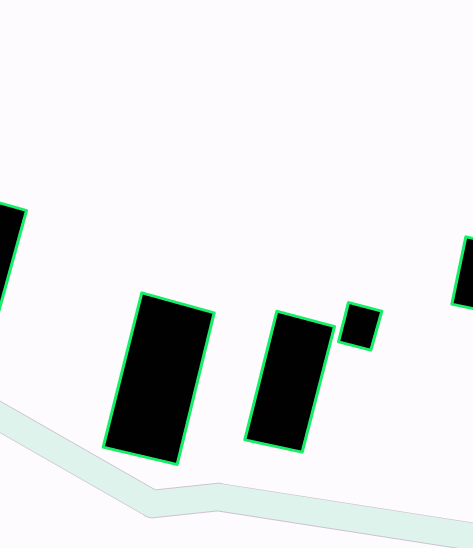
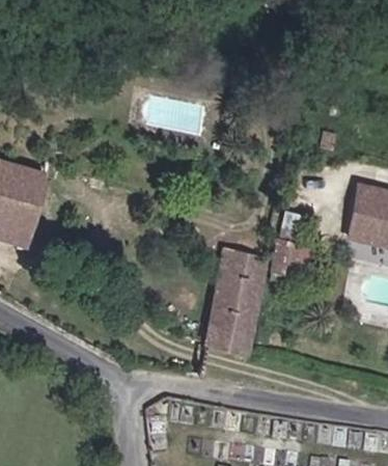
building: [103,293,214,464] -> none

